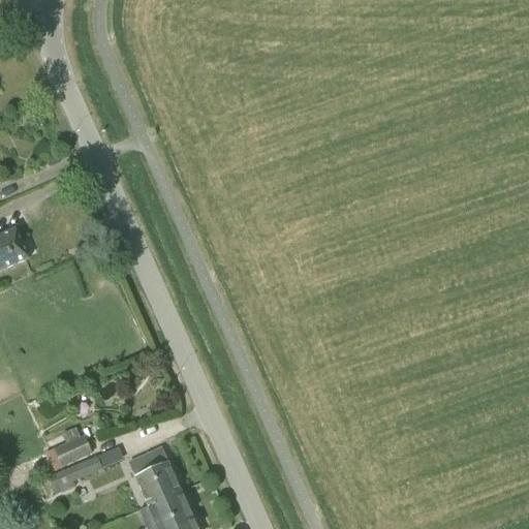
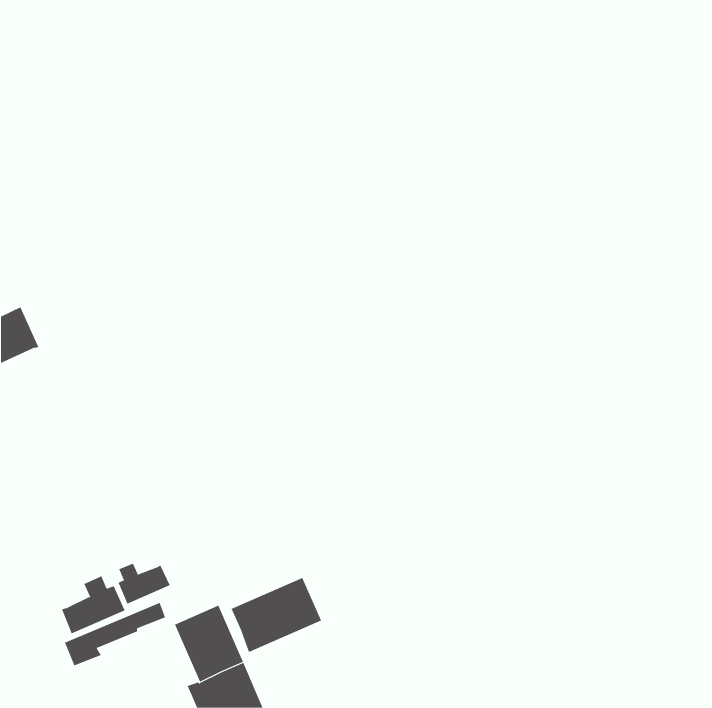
building: none -> [118,563,171,604]
building: none -> [231,577,322,653]

